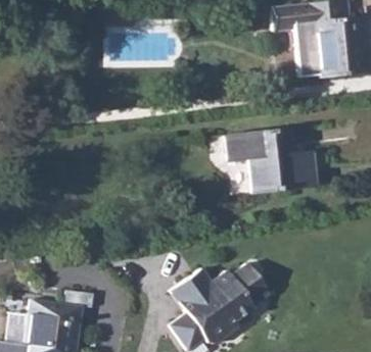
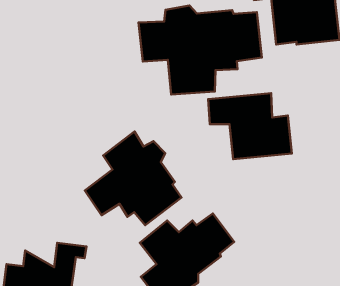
building: none -> [139,5,262,95]
building: none -> [85,132,182,225]

